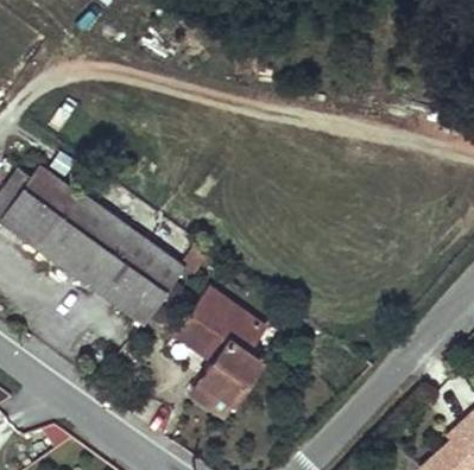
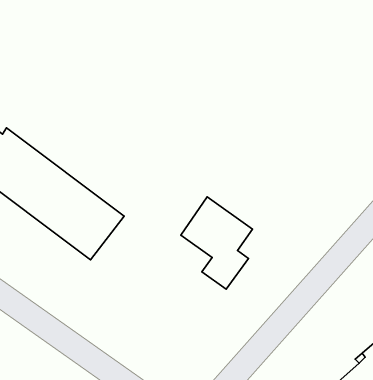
building: [178,296,263,404] -> [181,197,253,289]

